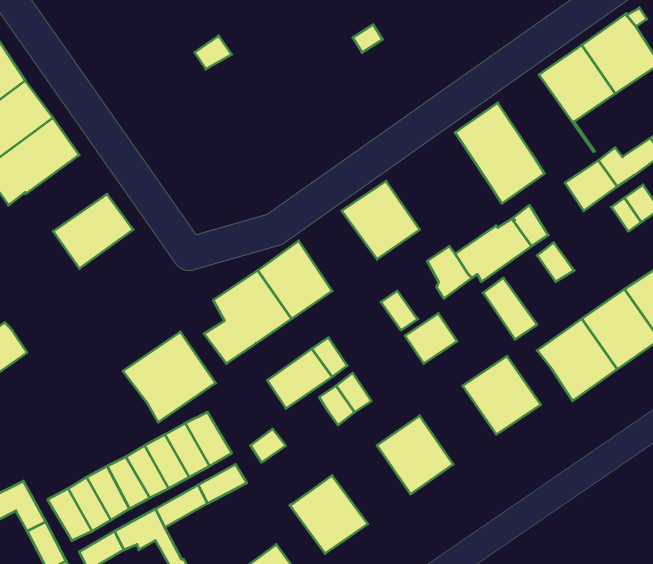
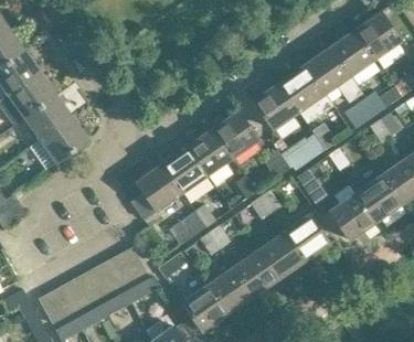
building: none -> [305,47,361,101]
building: none -> [253,82,299,129]
building: none -> [24,95,73,140]
building: none -> [187,128,233,175]
building: [123,332,216,422] -> none
building: none -> [258,232,304,278]
building: none -> [206,267,253,313]

